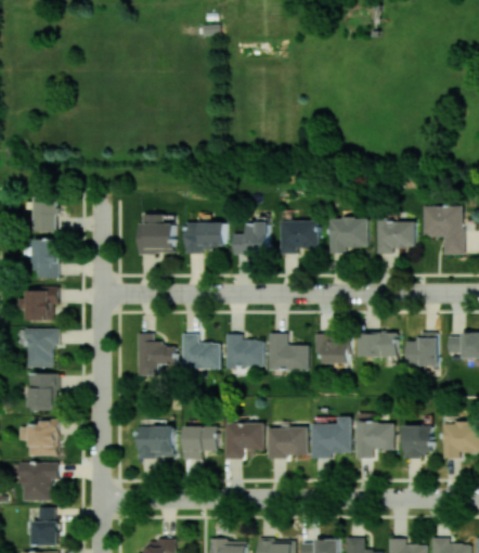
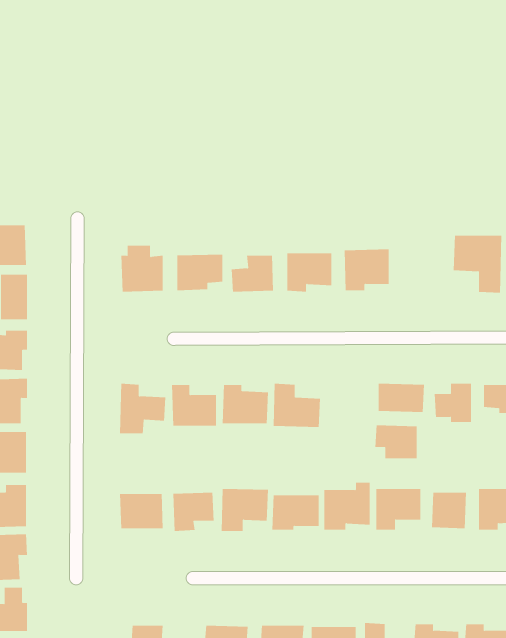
building: [375,221,415,255] -> none
building: [313,335,350,364] -> [375,425,418,459]

